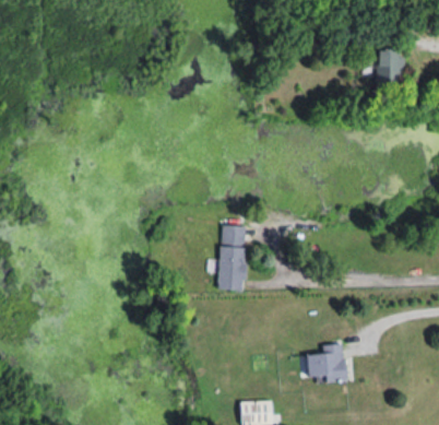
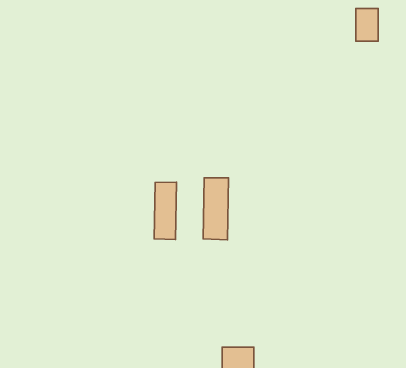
building: none -> [154,182,177,240]
building: [307,344,345,382] -> none

